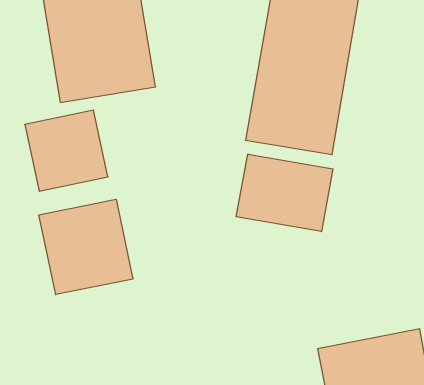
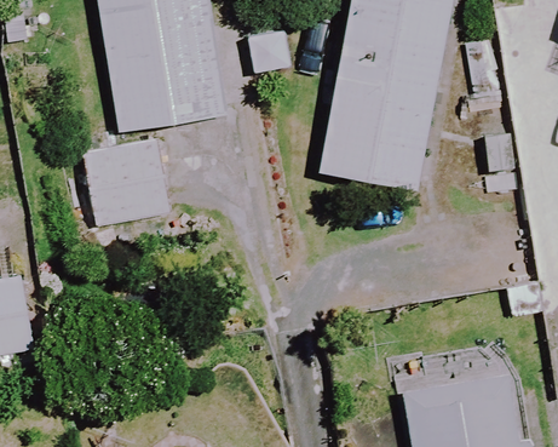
building: [236,154,333,232] -> none
building: [39,199,133,295] -> none

